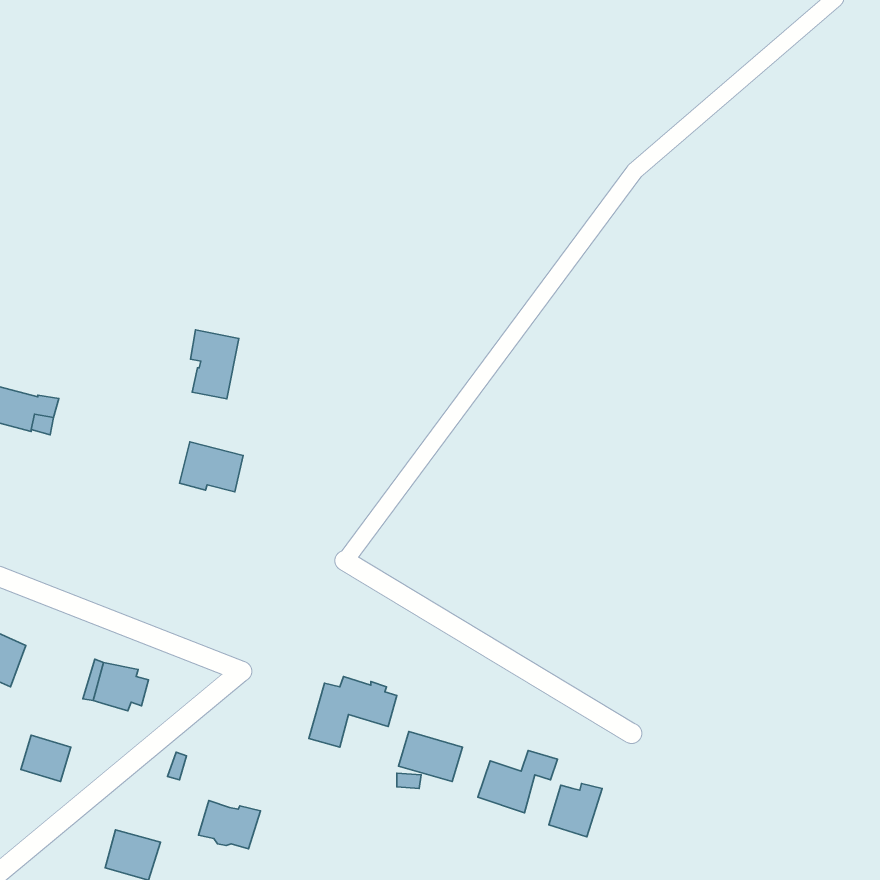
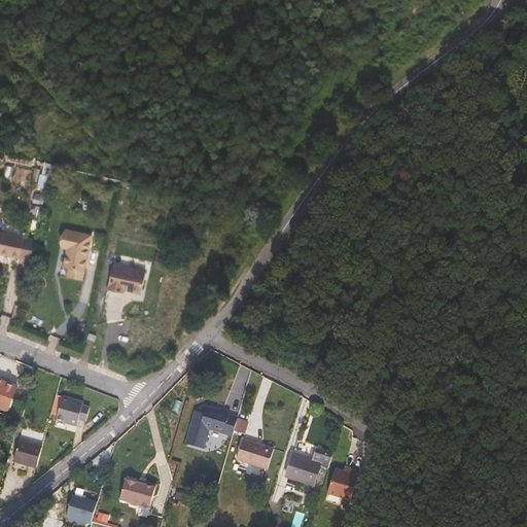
building: [190,330,239,399] -> [59,227,87,269]

